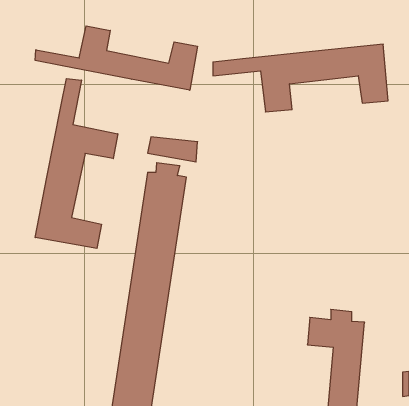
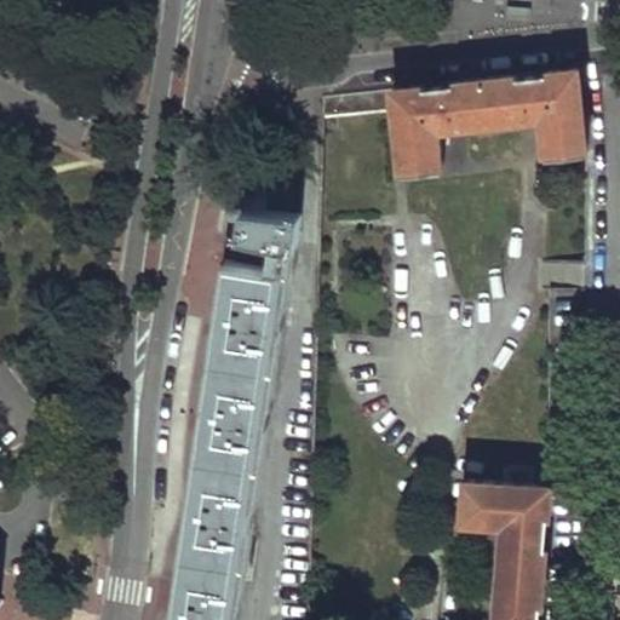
building: [35,26,197,90] -> none
building: [35,79,118,248] -> none

